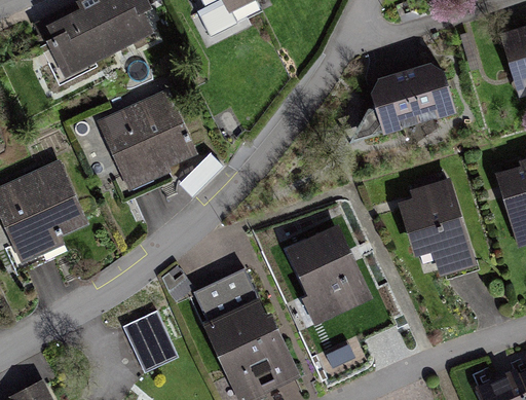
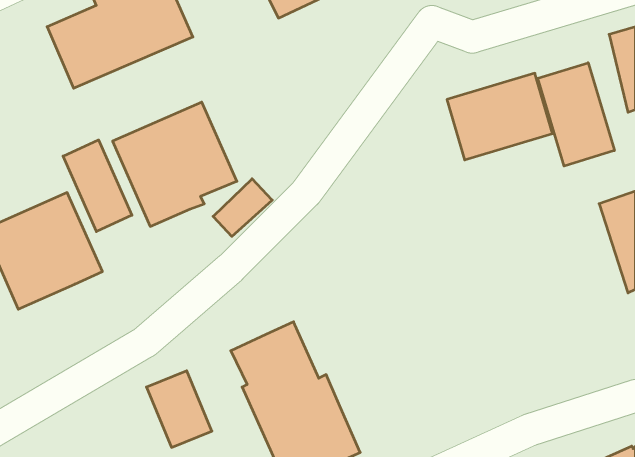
building: none -> [538,63,614,166]
building: none -> [63,140,132,232]
building: [397,175,476,275] -> none
building: [285,224,369,320] -> none

